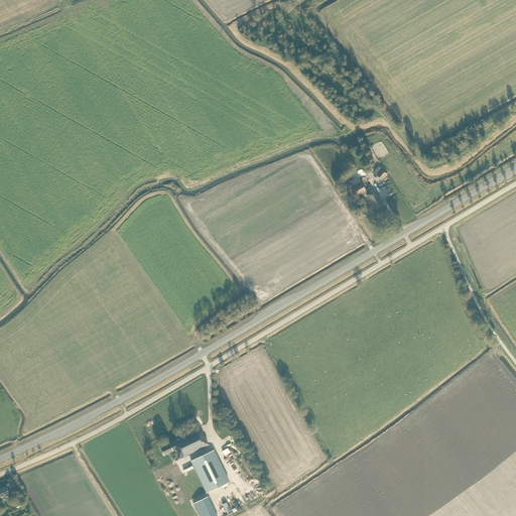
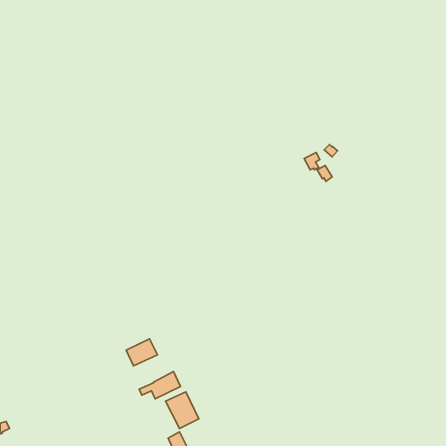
building: none -> [126,339,157,366]

